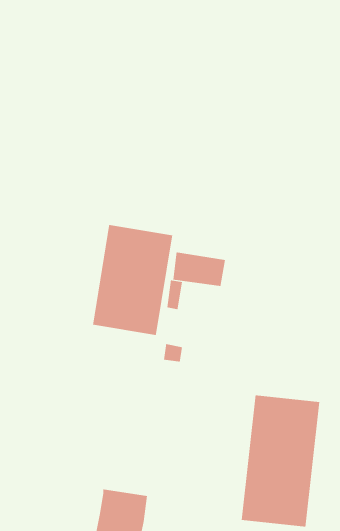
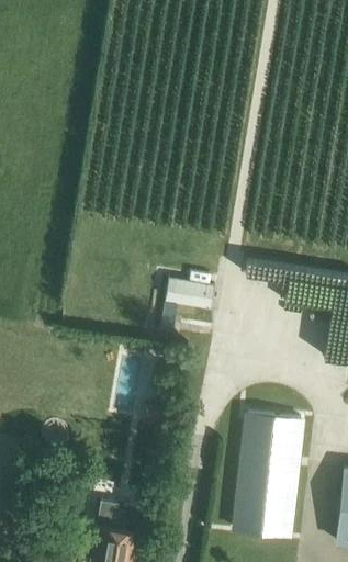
building: [92,224,173,336] -> none

